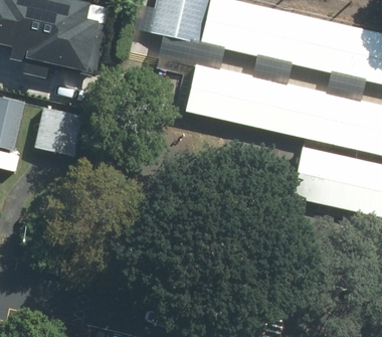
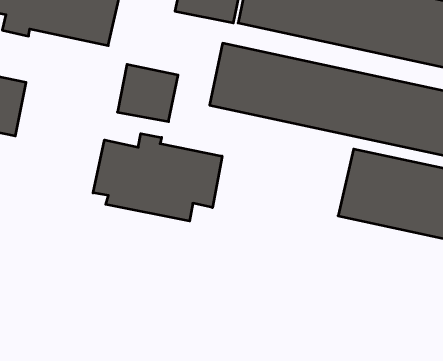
building: [36,103,87,151] -> [117,64,178,122]
building: none -> [93,134,222,221]

